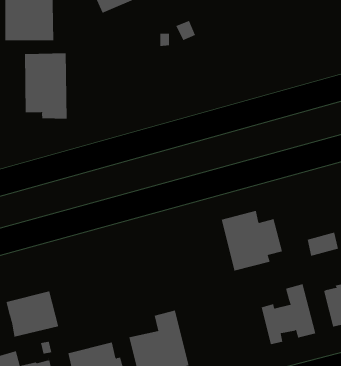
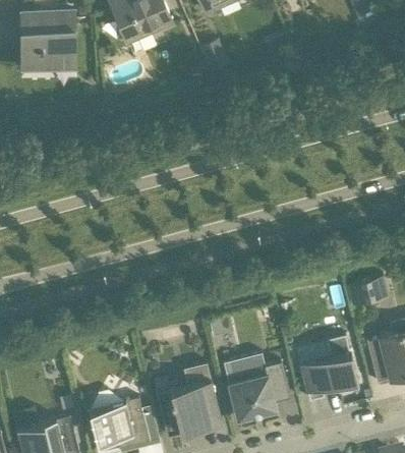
building: [25,52,67,119] -> none
building: [221,210,283,271] -> [223,351,290,417]
building: [6,290,59,337] -> none

